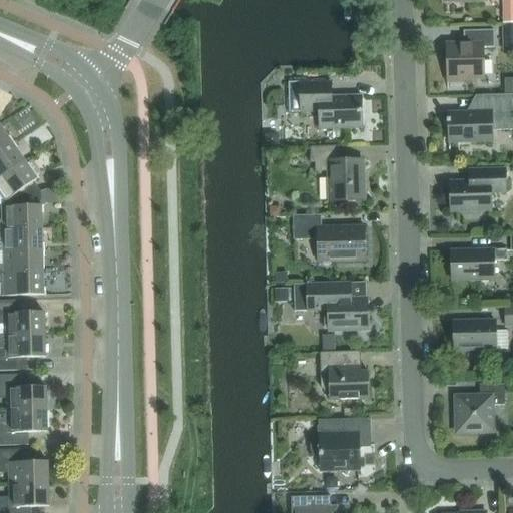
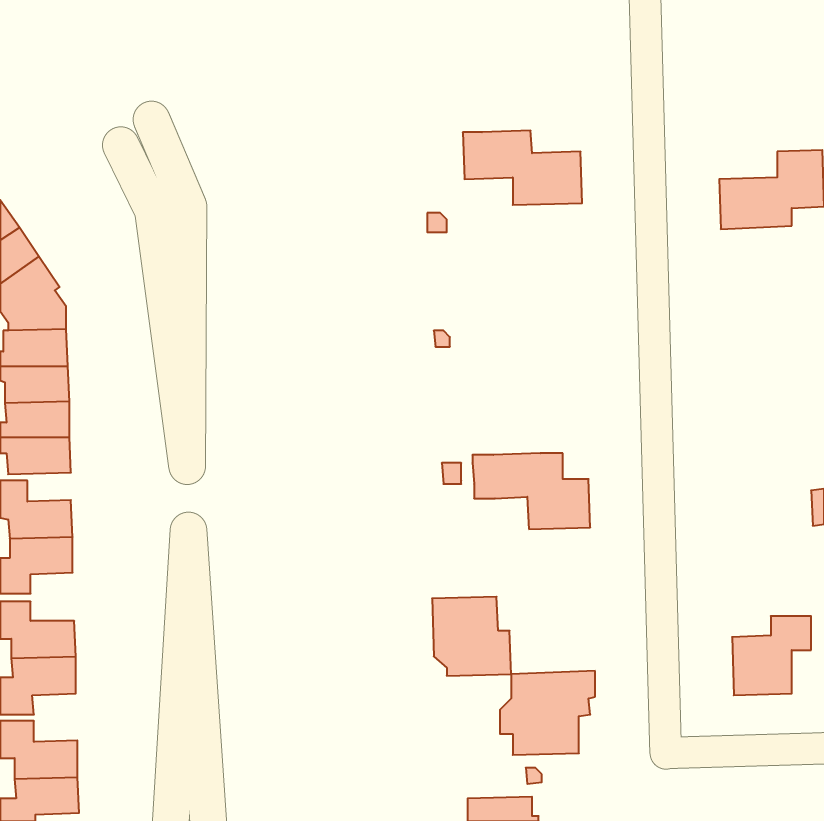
building: [446,29,494,81] -> none
building: [310,145,364,201] -> none
building: [450,167,505,210] -> none
building: [293,214,365,261] -> none
building: [451,248,507,280] -> none
building: [453,319,507,350] -> none
building: [320,350,369,399] -> [432,597,511,676]

